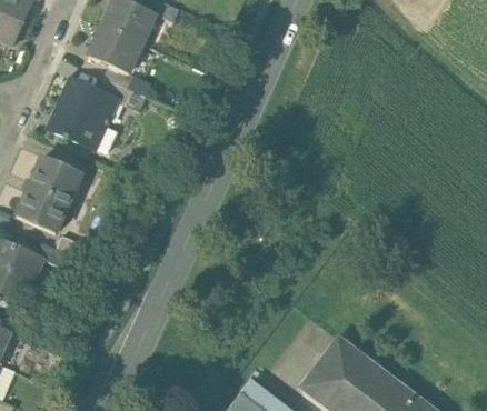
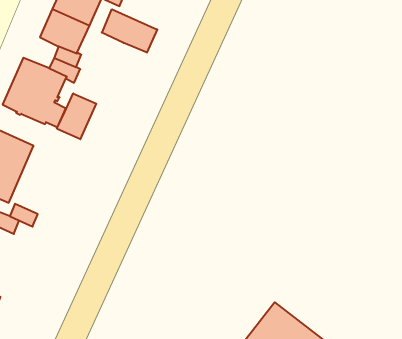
building: none -> [102,9,157,53]
building: none -> [57,93,96,139]

